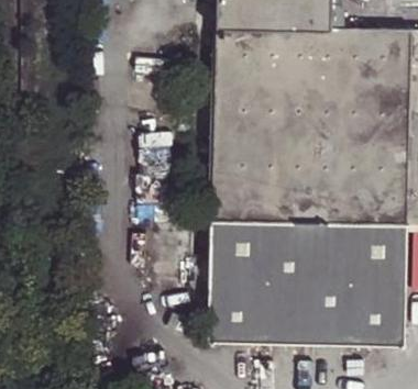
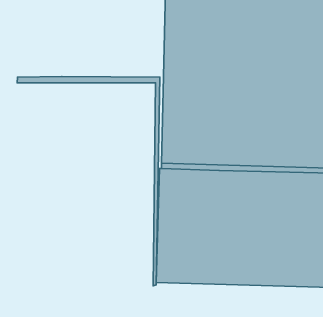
building: none -> [17,77,160,286]

